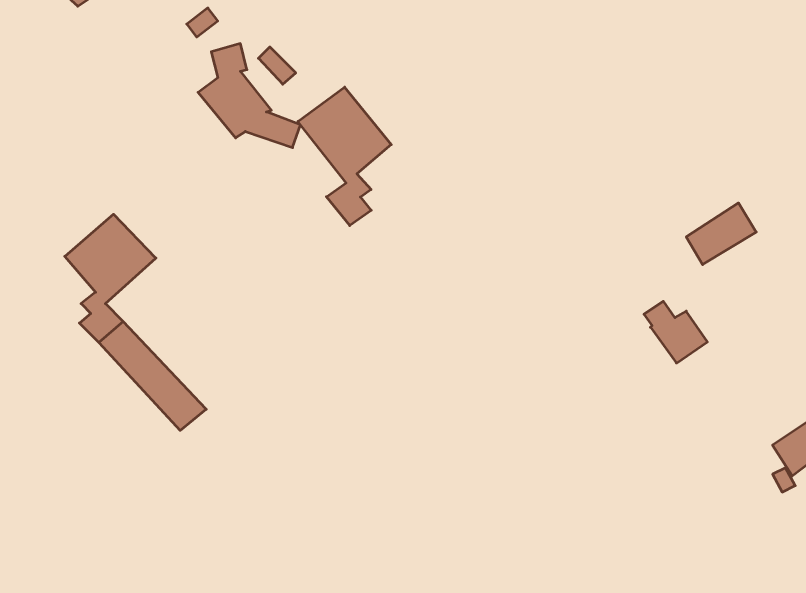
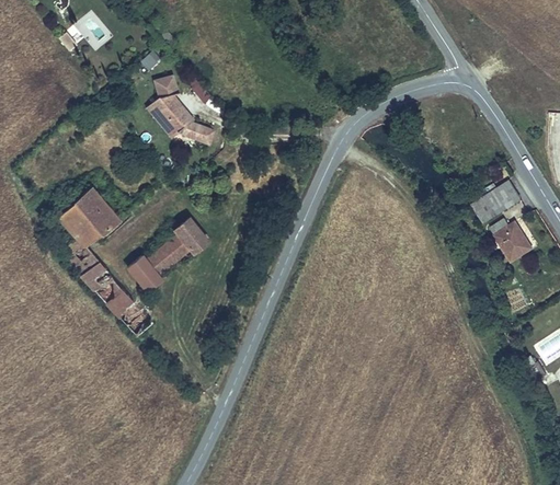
building: [298,87,391,226] -> none
building: none -> [126,218,207,291]
building: [644,301,707,363] -> [491,220,534,262]

